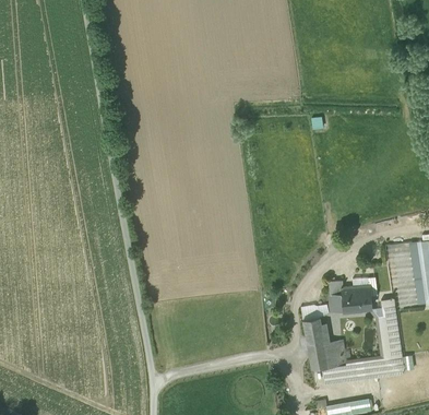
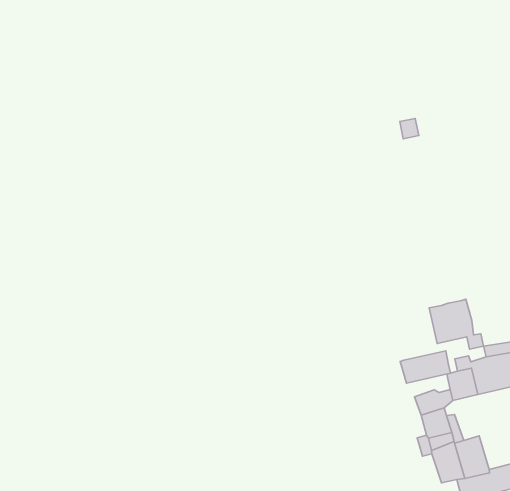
building: none -> [429,299,483,349]
building: none -> [400,351,451,383]

